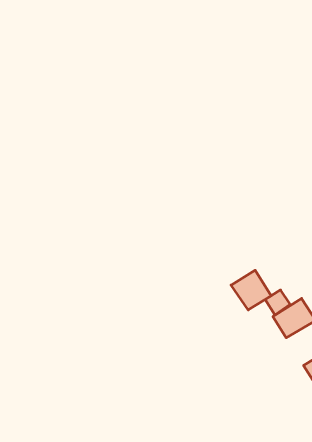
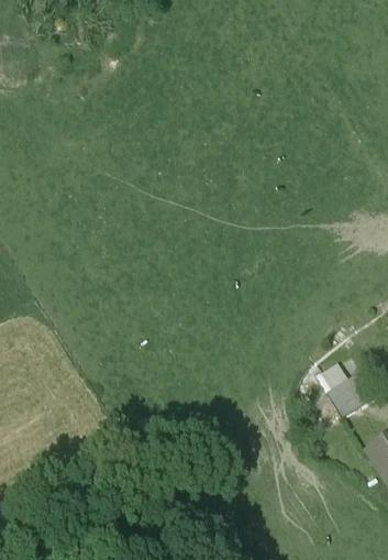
building: [231,270,271,310] -> none

